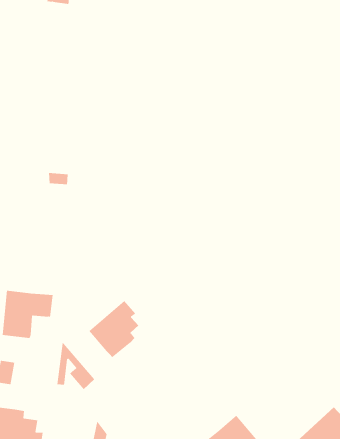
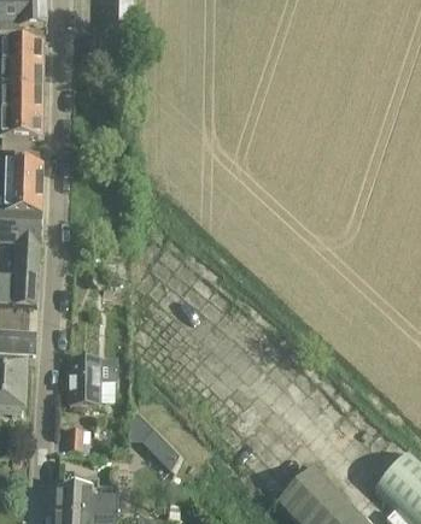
building: [89,300,139,358] -> none

